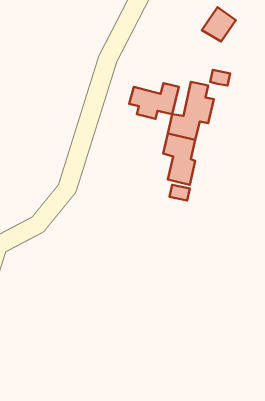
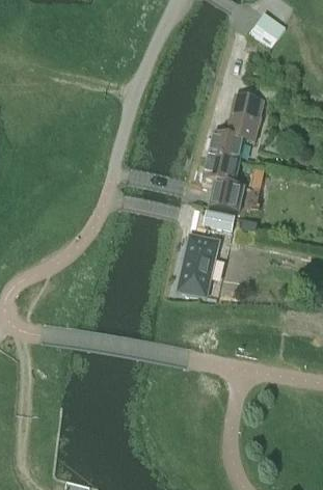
building: [129,83,179,119] -> none
building: none -> [179,234,219,295]

